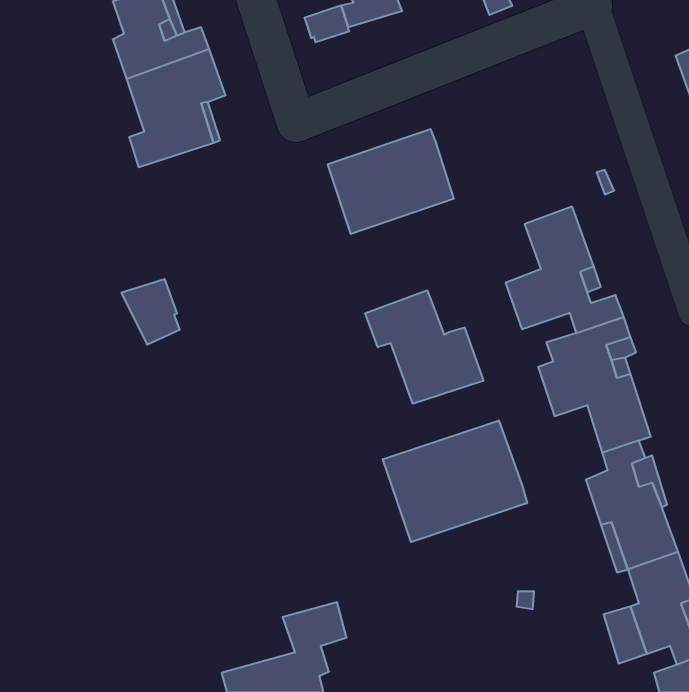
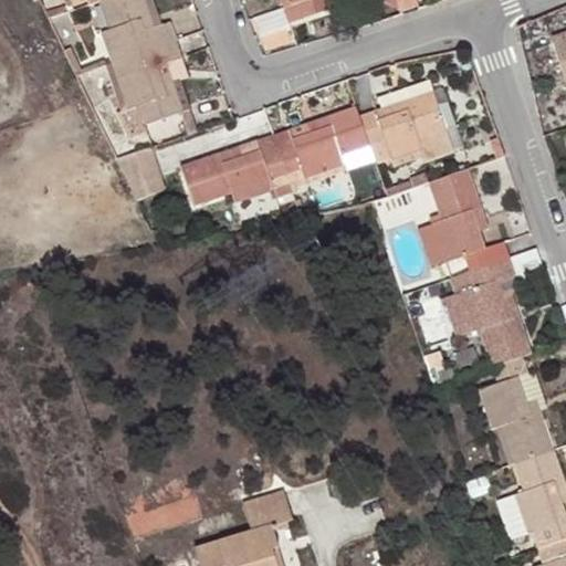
building: none -> [359,81,453,168]
building: none -> [177,134,291,206]
building: [121,279,180,345] -> [115,146,163,199]
building: [365,290,483,404] -> none
building: [383,420,527,542] -> none

